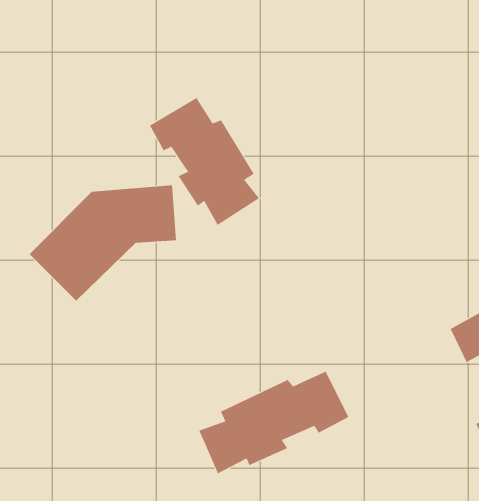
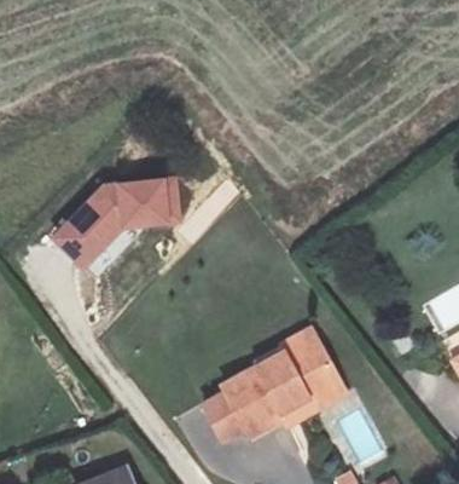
building: [149,97,260,226] -> none

